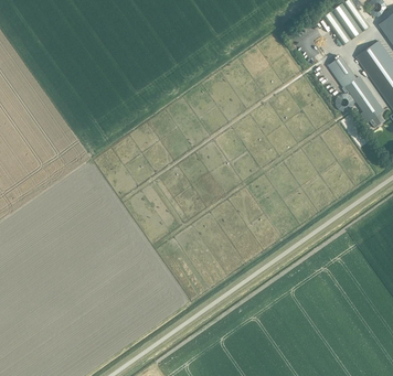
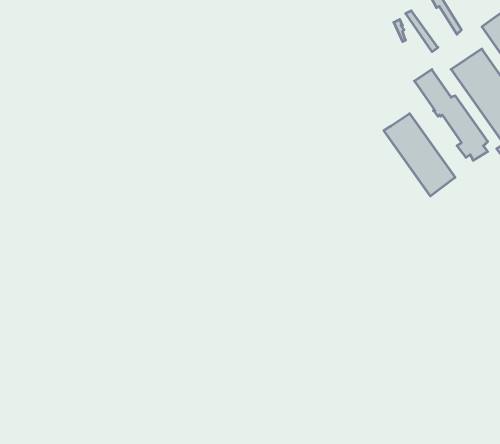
building: none -> [384,114,455,196]

